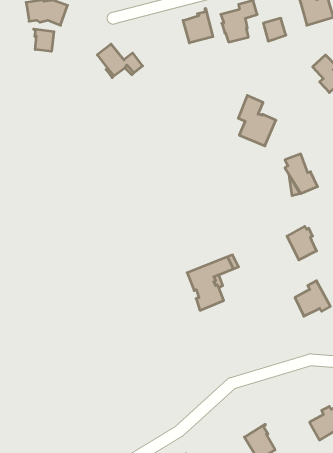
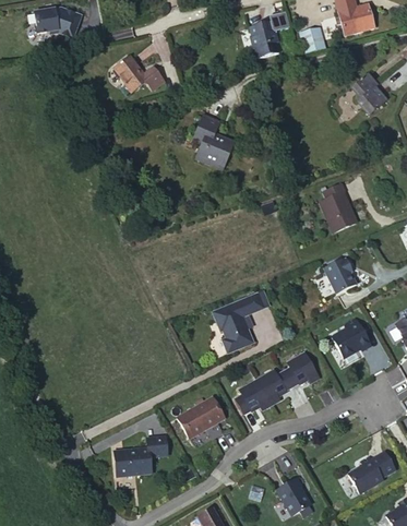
building: [183,8,213,43] -> none
building: [34,29,54,51] -> none
building: [238,95,276,146] -> [193,116,235,171]
building: none -> [237,355,321,416]
building: none -> [177,398,225,441]
building: none -> [115,440,168,479]

